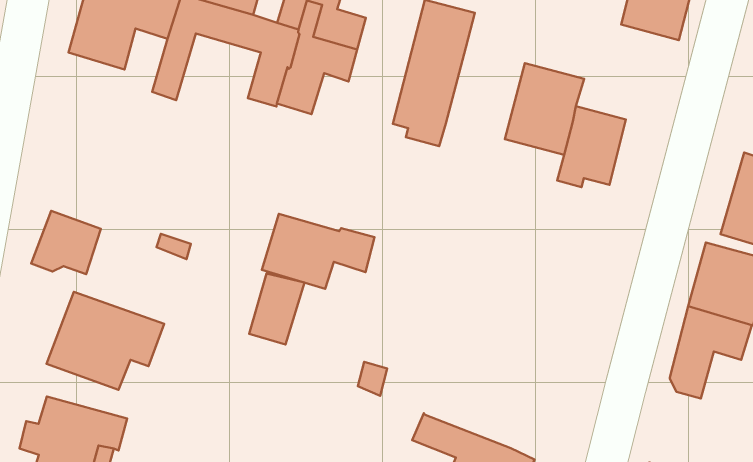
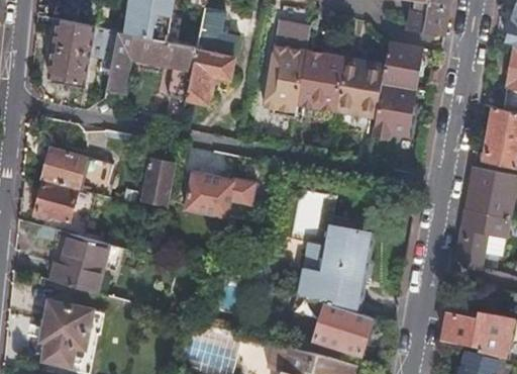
building: none -> [381,43,421,91]
building: none -> [297,53,345,110]
building: none -> [43,149,112,198]
building: [249,273,304,345] -> [141,162,175,207]
building: none -> [299,227,371,311]

